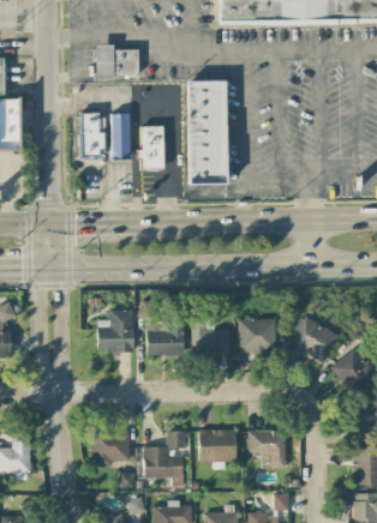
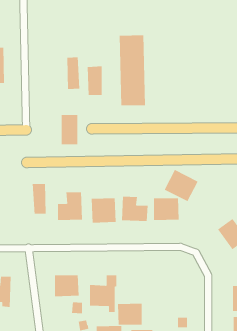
building: [96,43,139,77] -> none
building: [79,113,104,157] -> [61,114,78,145]
building: none -> [32,183,46,214]
building: [287,314,337,362] -> [164,169,198,202]
building: [198,428,235,461] -> [117,303,143,325]
building: [247,429,286,468] -> none

